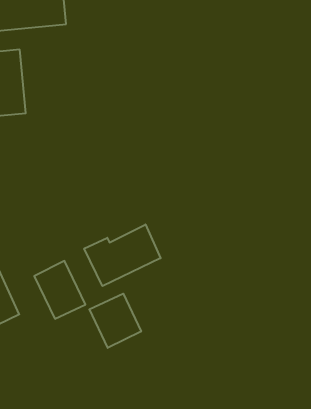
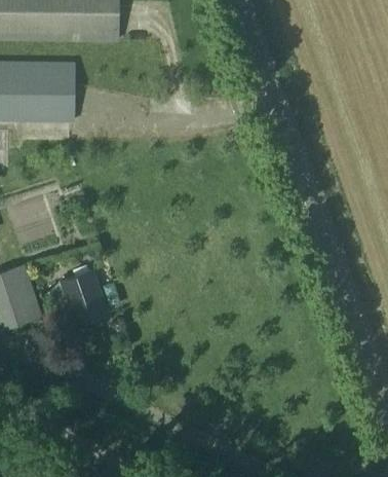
building: [84,224,161,286] -> none
building: [89,294,141,348] -> none

